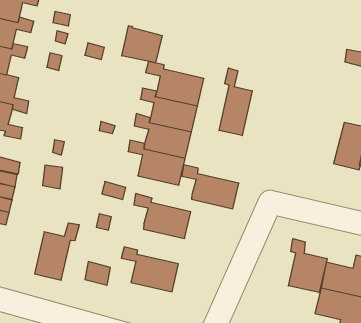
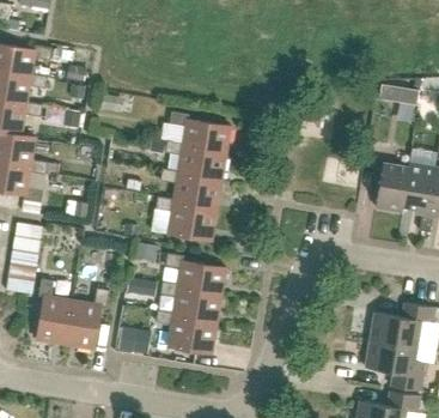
building: [122,26,162,63] -> none
building: [219,68,252,136] -> none
building: [182,165,239,209] -> [160,281,221,325]
building: none -> [36,279,72,345]
building: [288,239,327,293] -> none

